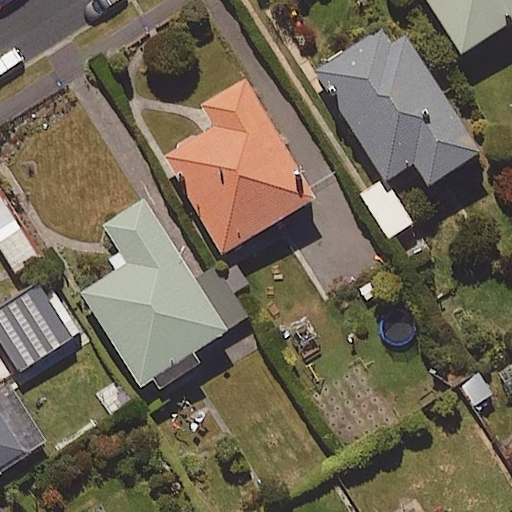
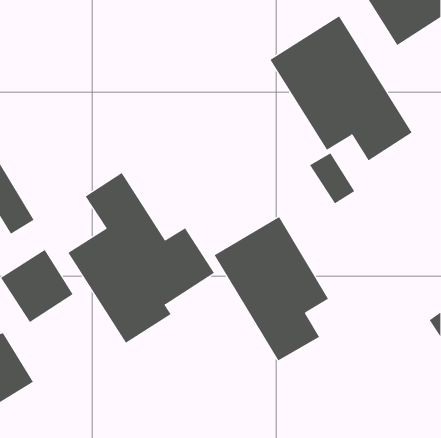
building: [177,90,329,263] -> none
building: none -> [214,216,329,361]

